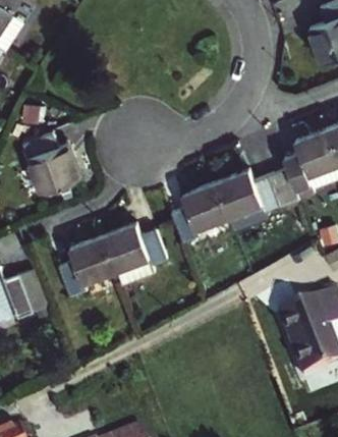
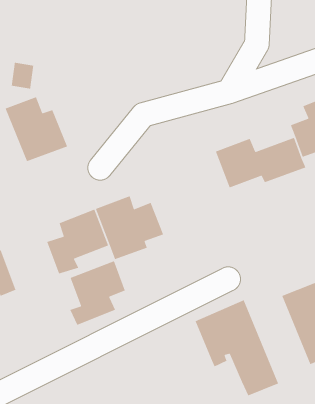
building: [171,182,228,242] -> none
building: none -> [69,260,126,326]
building: none -> [194,299,279,396]

